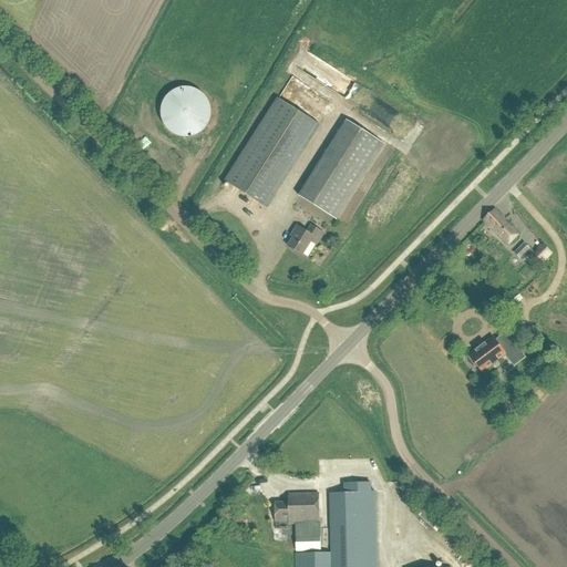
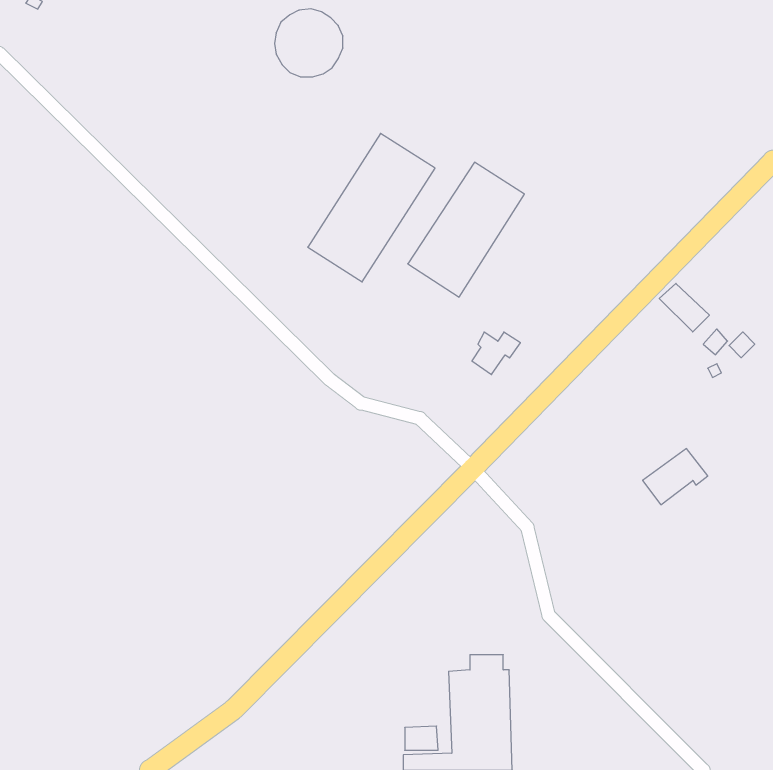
building: [159,85,209,135] -> [275,9,343,77]
building: [286,224,321,255] -> [472,332,520,375]
building: [276,491,319,523] -> none

